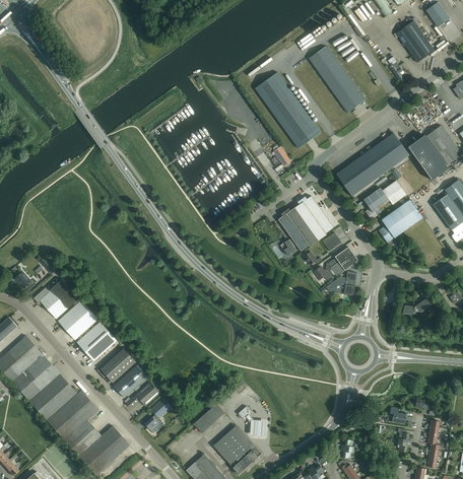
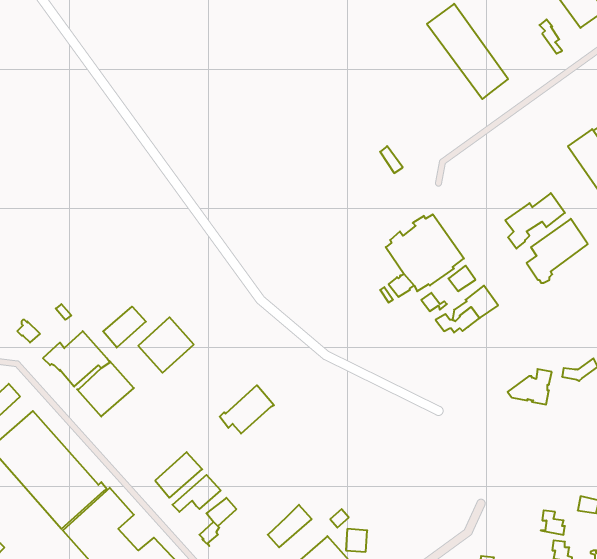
building: [255,72,321,148] -> none
building: [336,133,409,196] -> none
building: none -> [103,307,146,348]
building: [326,271,357,296] -> [508,369,552,405]
building: [77,322,117,361] -> [138,317,194,373]
building: [97,348,136,383] -> [220,385,274,434]

